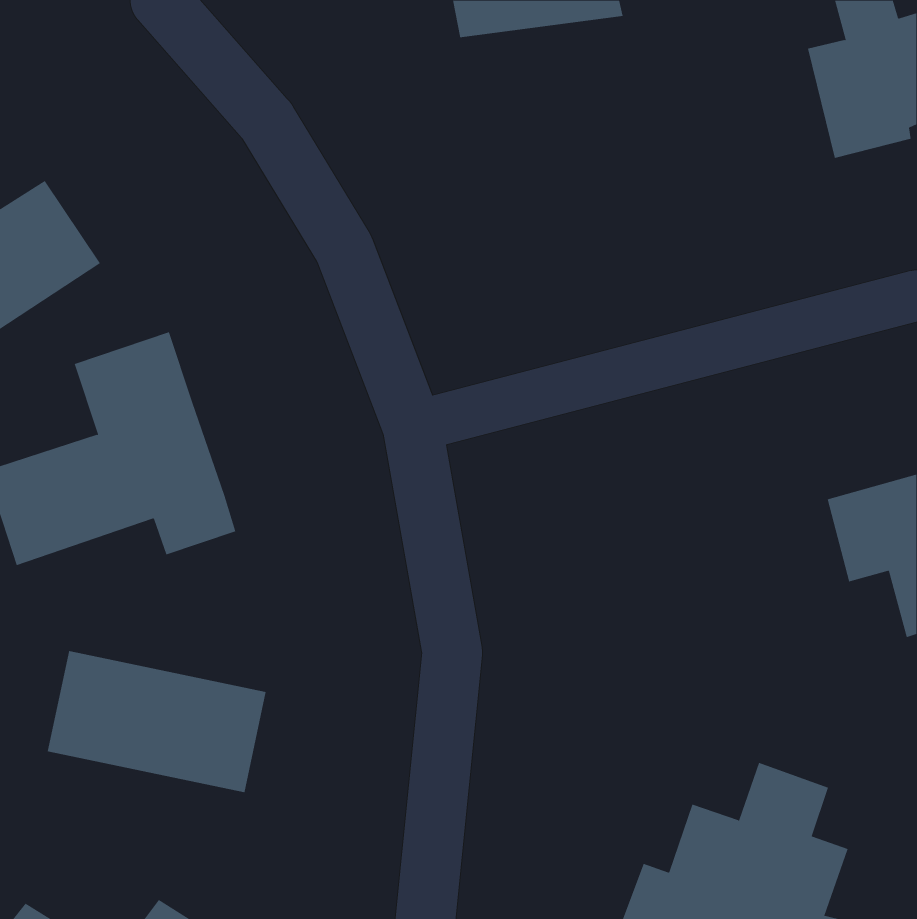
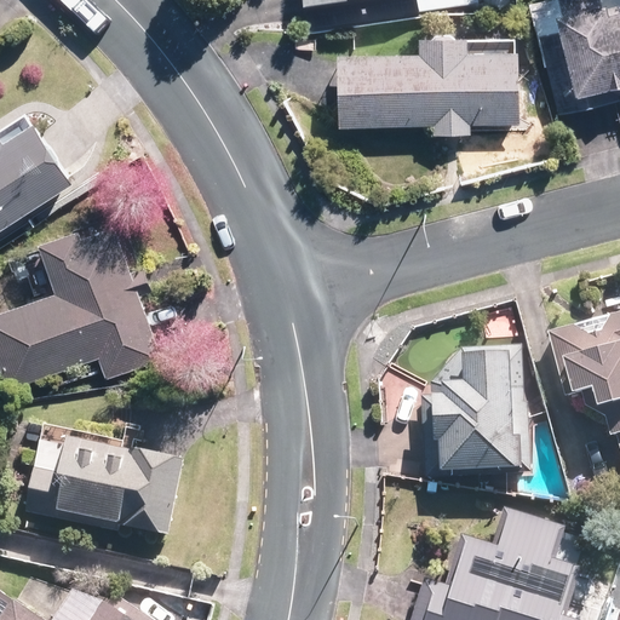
building: none -> [349,36,516,128]
building: none -> [425,351,517,473]

